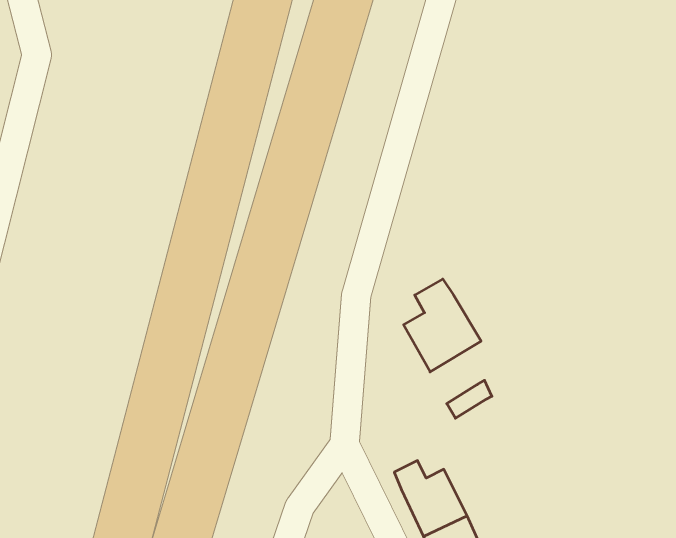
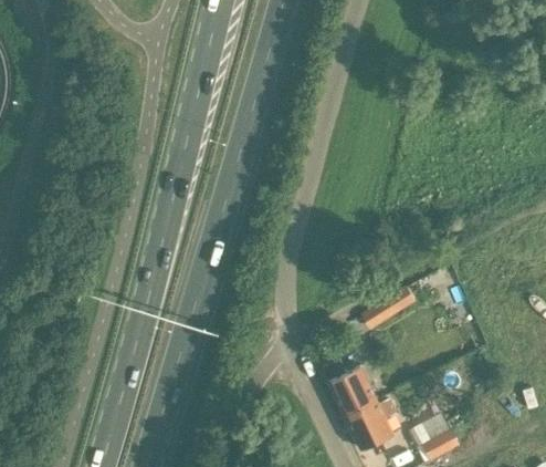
building: [404,279,481,372] -> none

